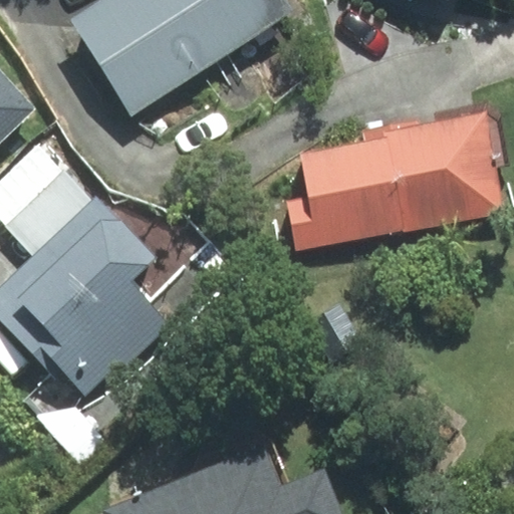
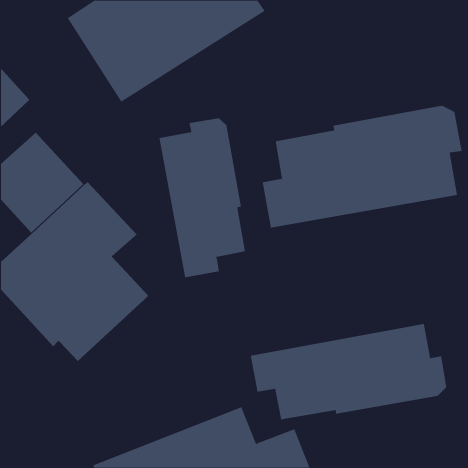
building: none -> [159,117,246,278]
building: none -> [250,323,447,420]

